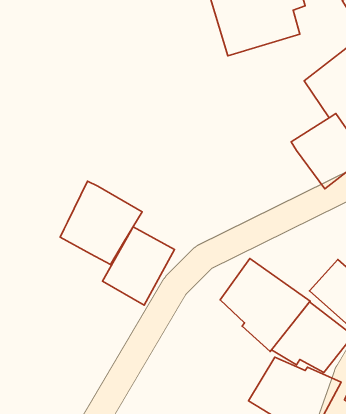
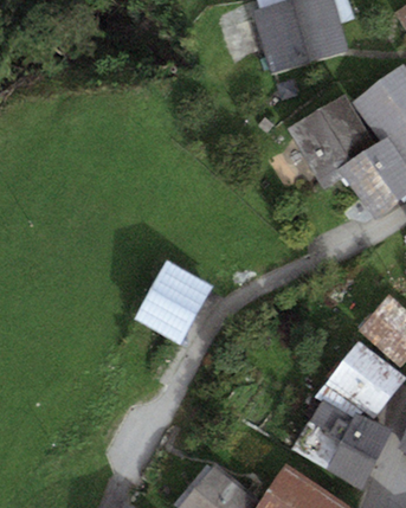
building: none -> [289,96,375,188]
building: [60,181,142,265] -> none
building: [220,259,310,352] -> none

